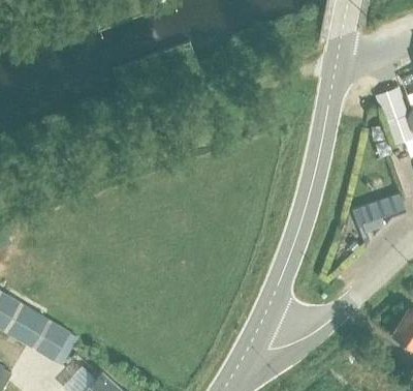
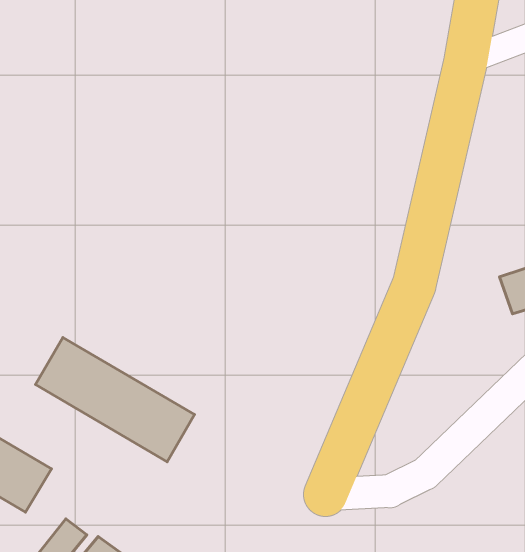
building: none -> [35,337,195,462]

